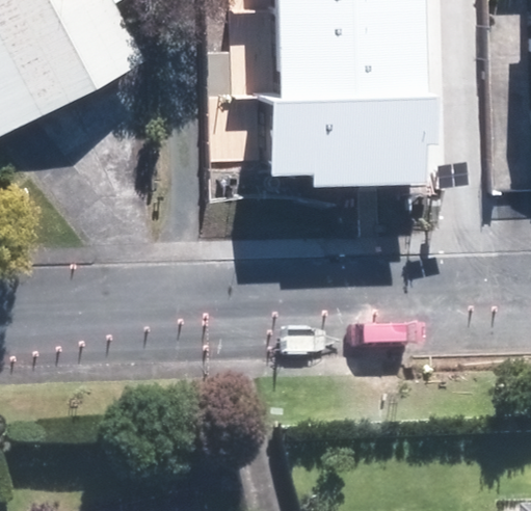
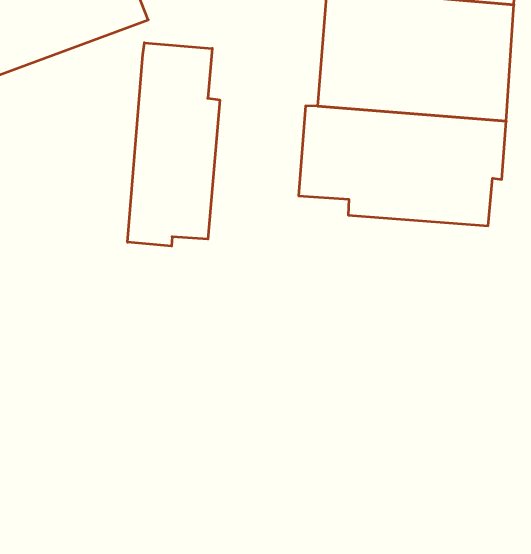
building: none -> [128,43,220,246]

